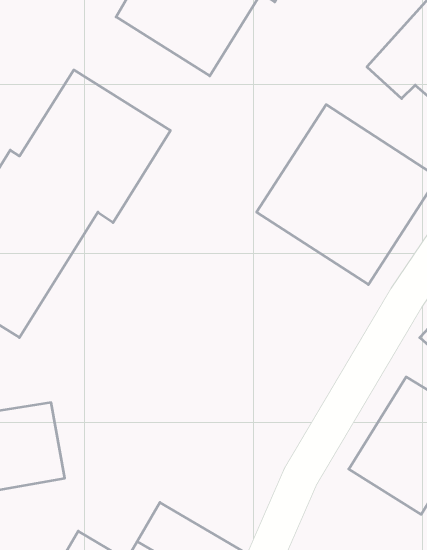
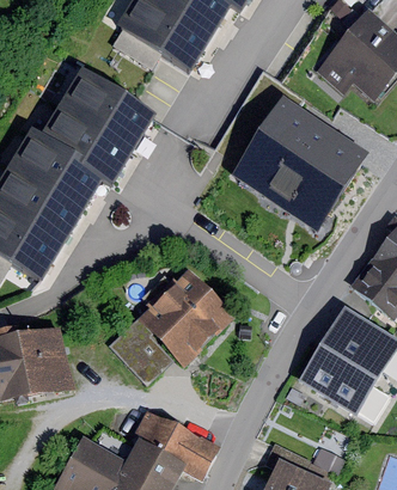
building: none -> [112,275,237,387]

